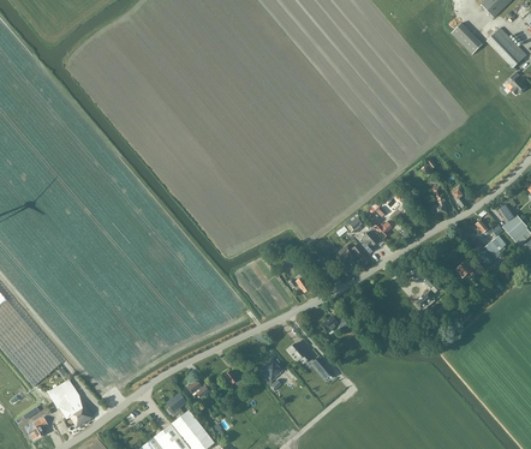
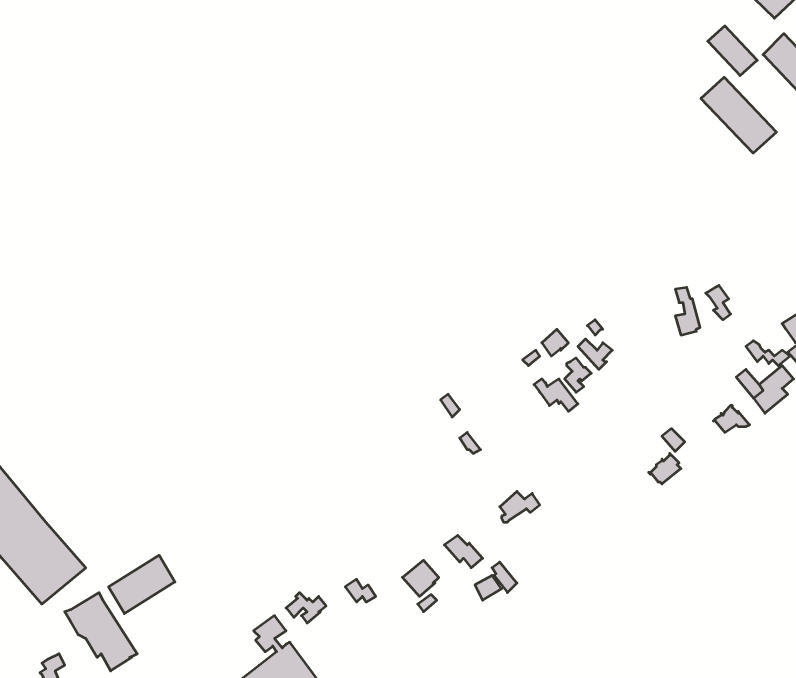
building: none -> [701,77,776,153]
building: none -> [109,555,175,614]

